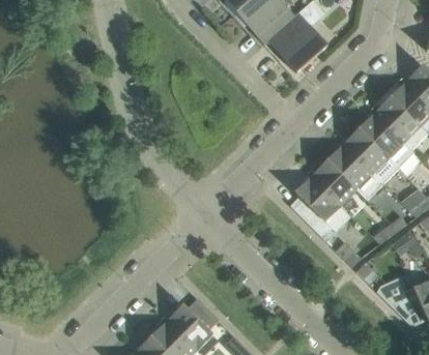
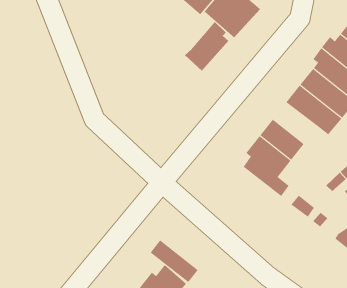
building: none -> [184,21,229,71]
building: [326,145,382,201] -> none
building: none -> [150,240,198,283]

